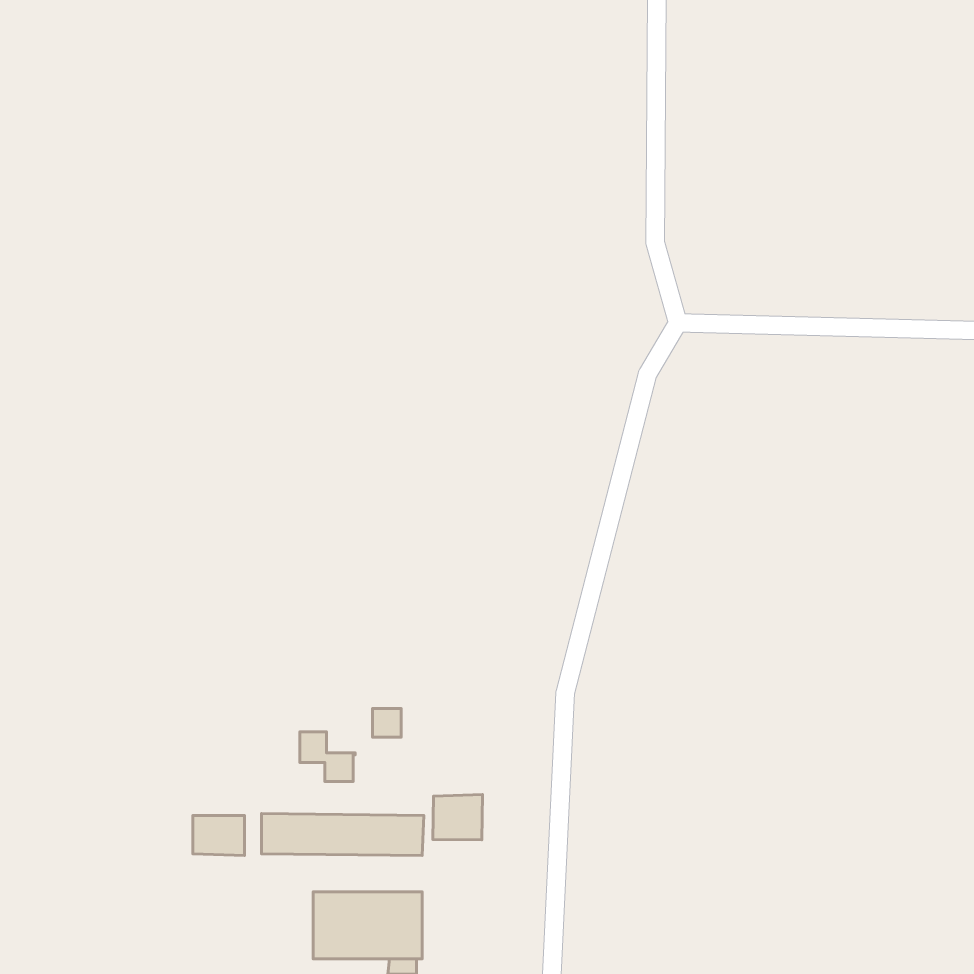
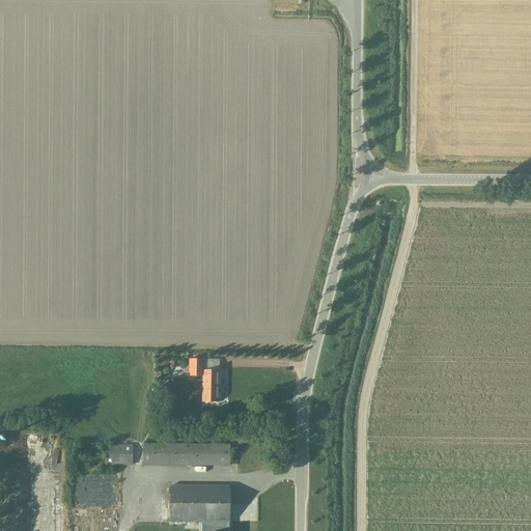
building: [300,732,355,782] -> [190,358,220,385]
building: [433,795,482,840] -> none

